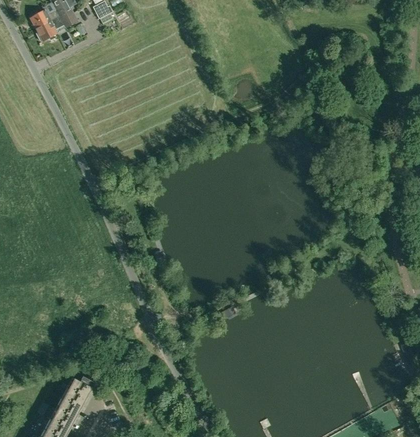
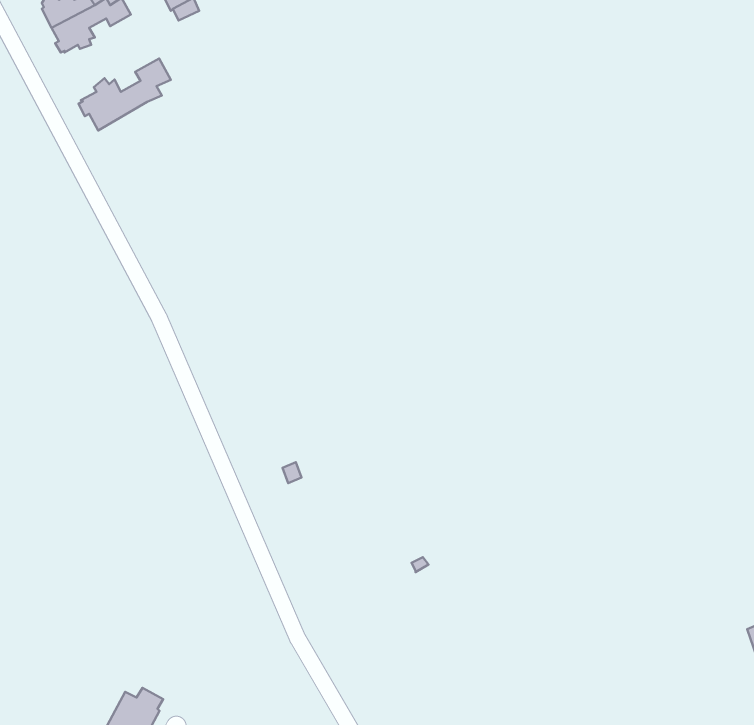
building: none -> [79,58,171,131]

